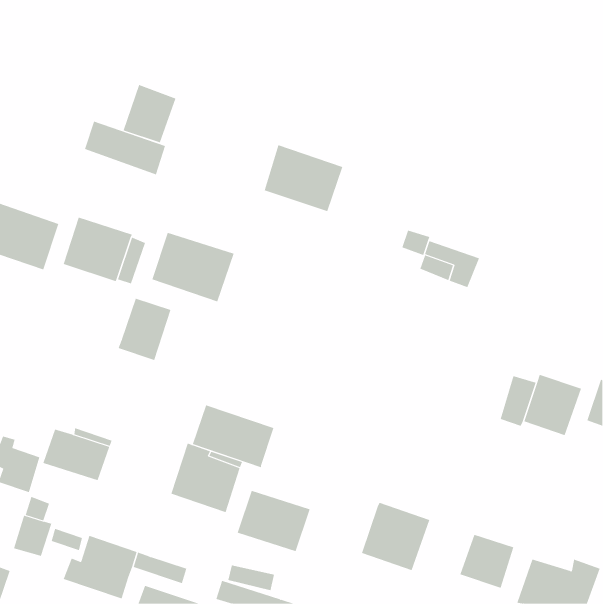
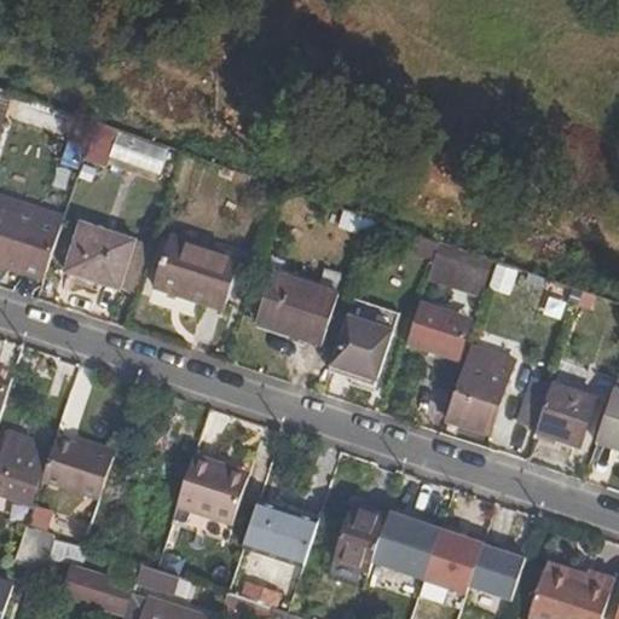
building: [123,84,176,143] -> none
building: [264,144,343,212] -> [256,273,337,342]
building: none -> [406,301,467,358]
building: [118,298,171,361] -> none
building: none -> [334,317,395,378]
building: none -> [449,353,507,433]
building: [192,405,274,468] -> none
building: none -> [331,505,384,569]
building: none -> [421,531,484,598]

